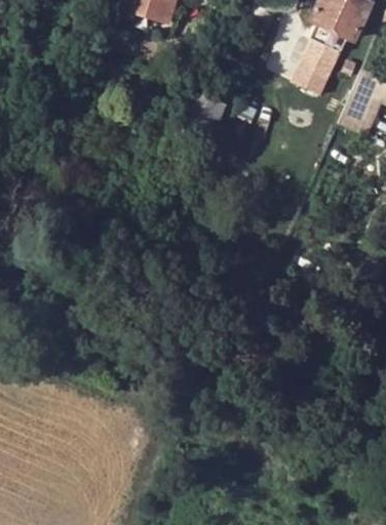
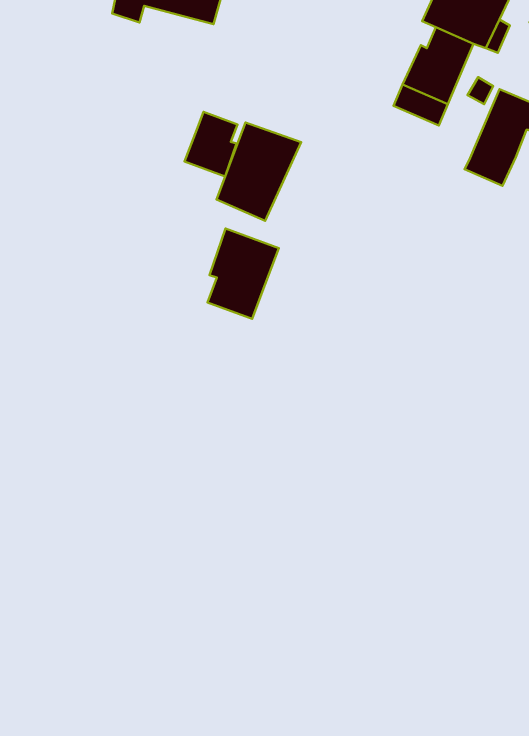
building: none -> [185,112,237,177]
building: none -> [207,228,279,319]

